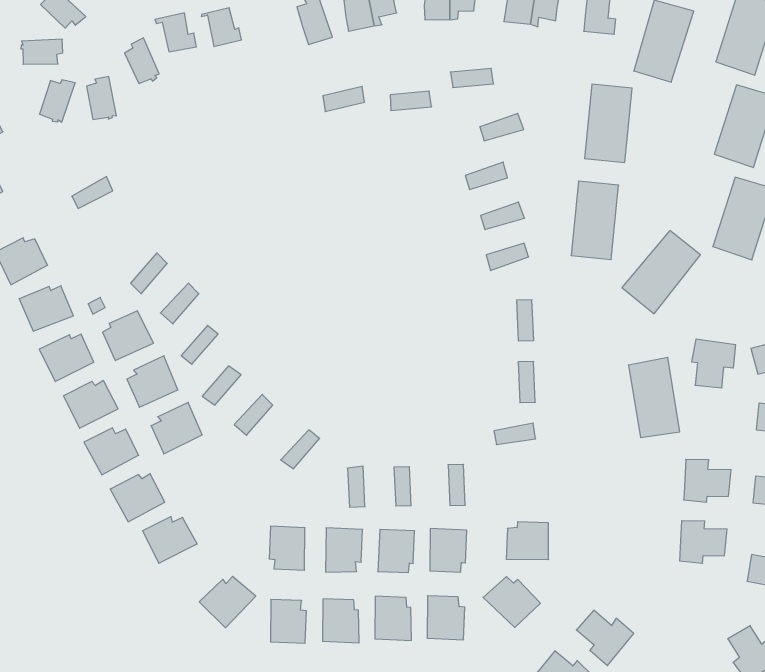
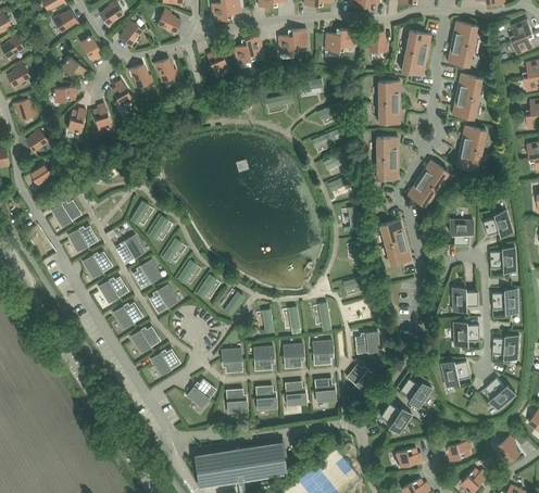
building: [628,357,680,438] -> [379,218,412,265]
building: none -> [441,361,471,385]

